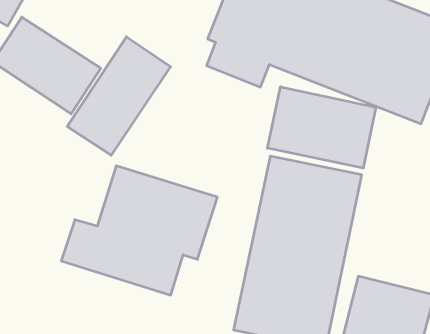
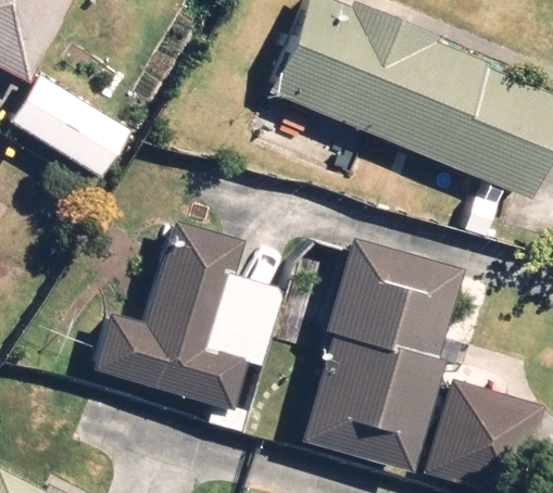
building: [67,37,171,155] -> none
building: [267,87,376,168] -> none

